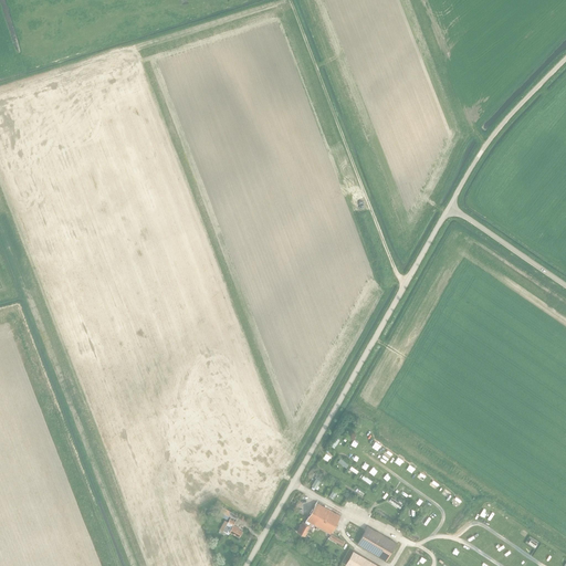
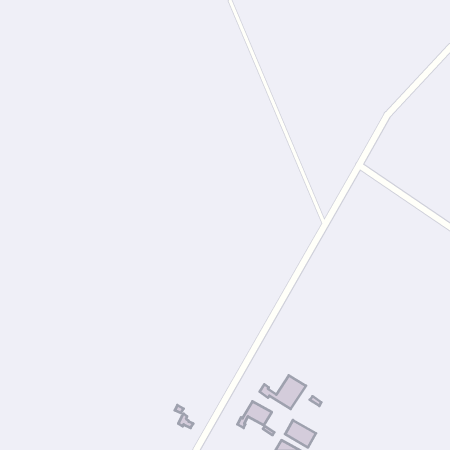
building: none -> [260,375,306,409]

